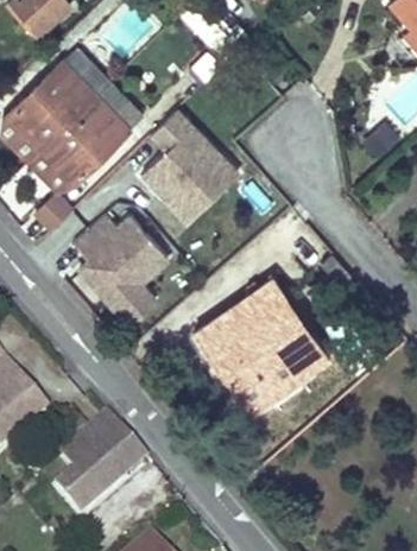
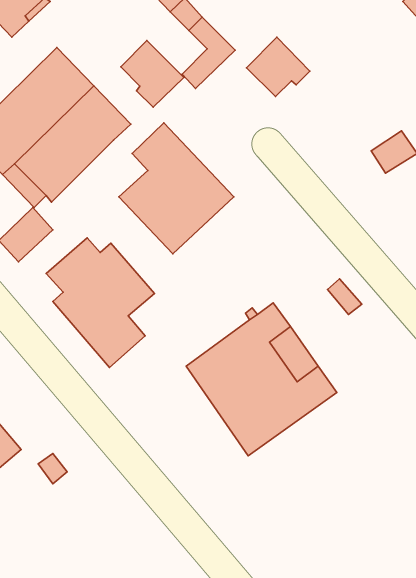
building: none -> [246,37,310,97]
building: none -> [121,41,184,107]
building: [57,412,147,513] -> none

